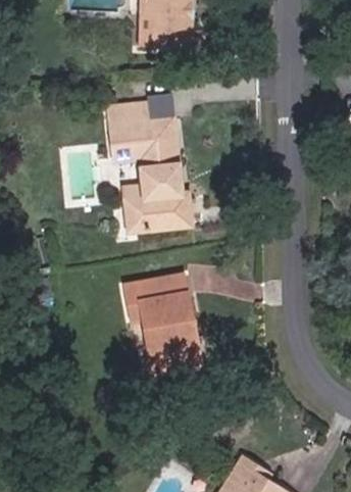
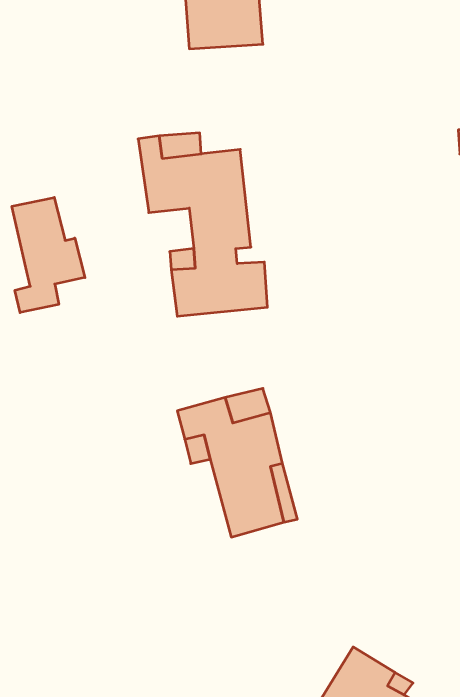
building: none -> [12,197,85,313]

